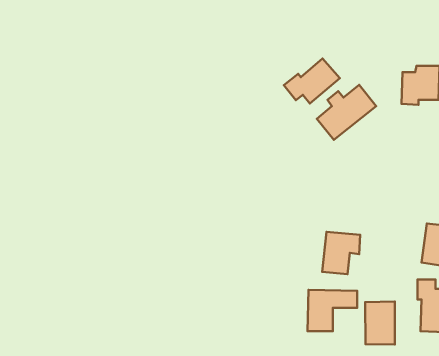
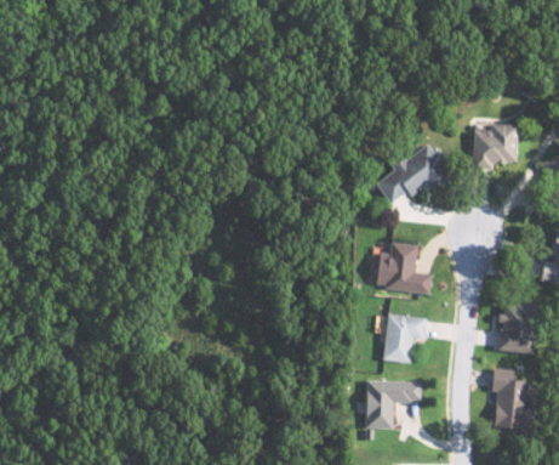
building: [284,58,340,104] -> none
building: none -> [376,242,432,293]
building: [365,302,395,345] -> none

